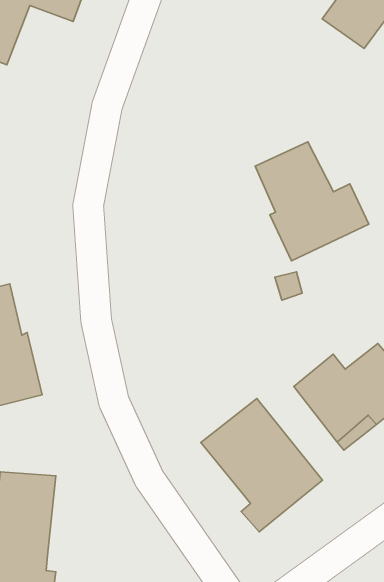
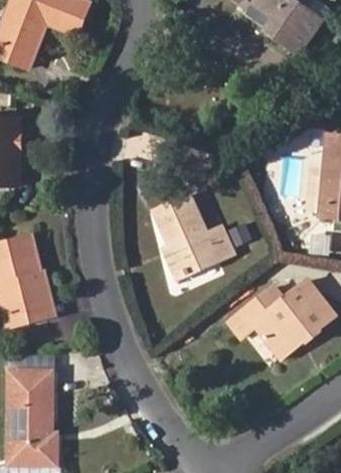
building: [255,142,369,261] -> [150,192,234,281]
building: [201,399,323,532] -> none

